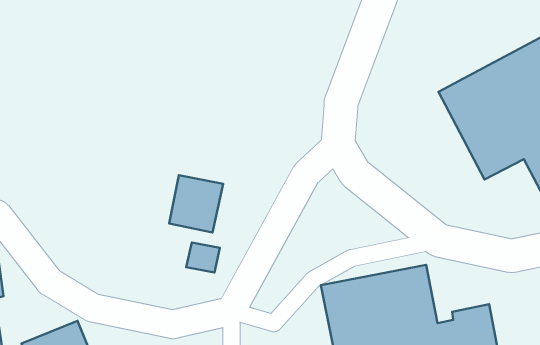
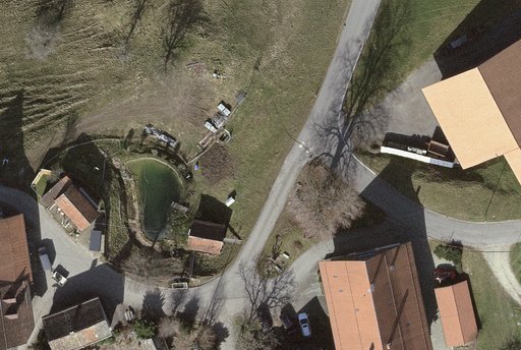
building: [169,175,223,232] -> none
building: none -> [52,187,99,233]

